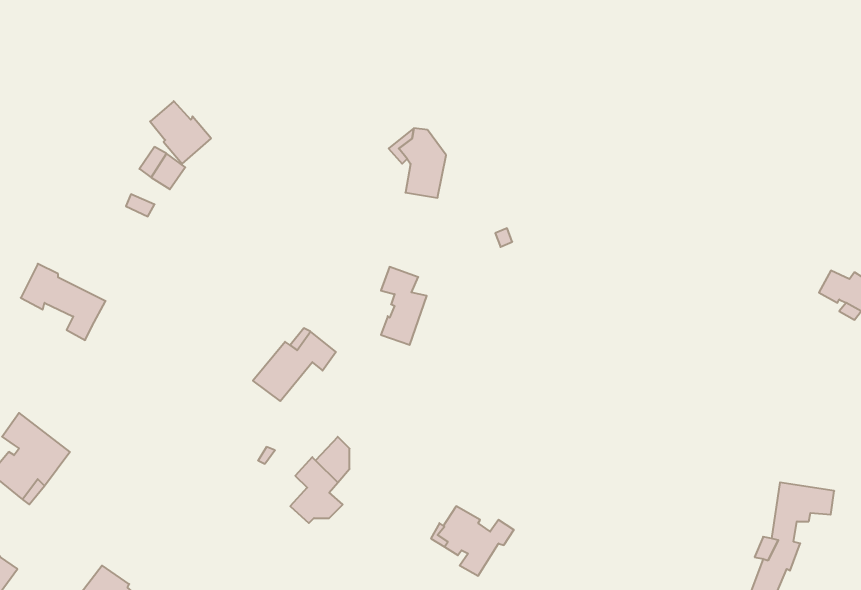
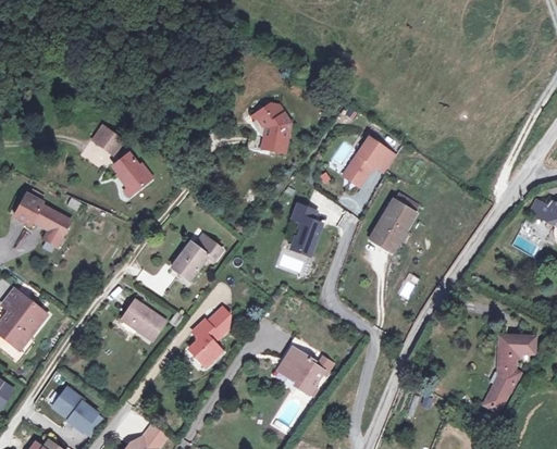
building: [150,101,211,164] -> [112,145,151,185]
building: none -> [347,132,395,176]
building: none -> [369,192,418,248]
building: [381,267,427,345] -> [292,208,321,258]
building: none -> [119,298,162,338]

